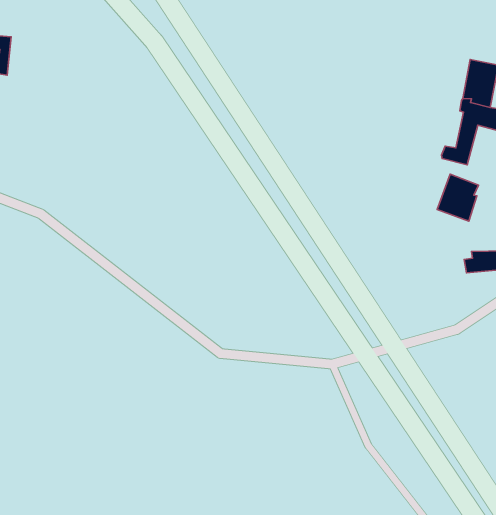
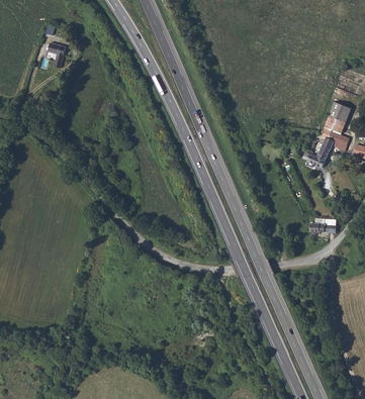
building: [437,174,479,221] -> none

